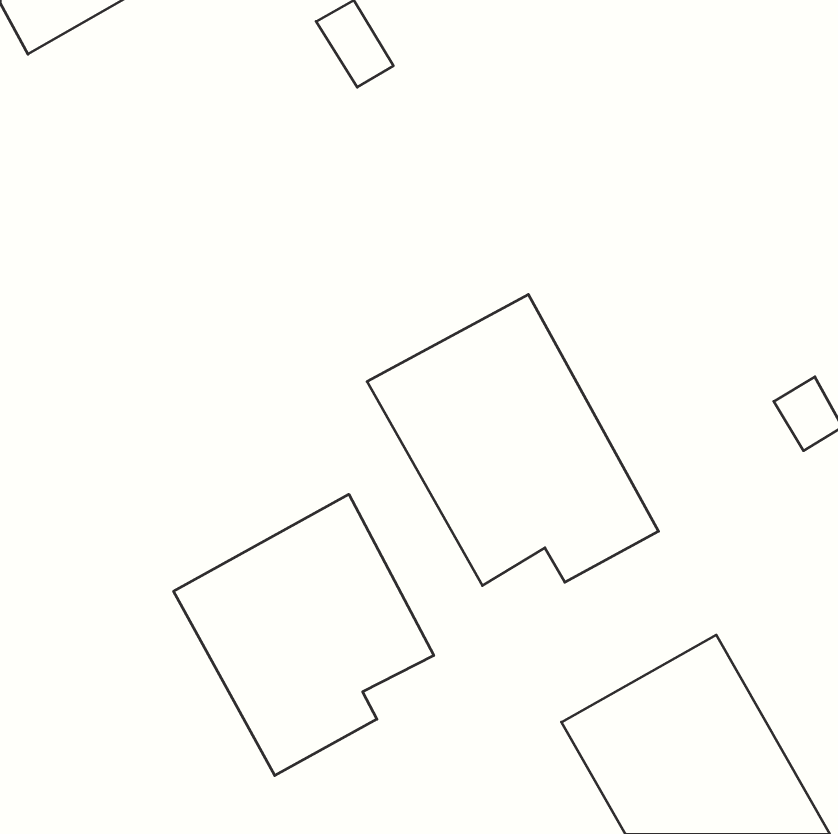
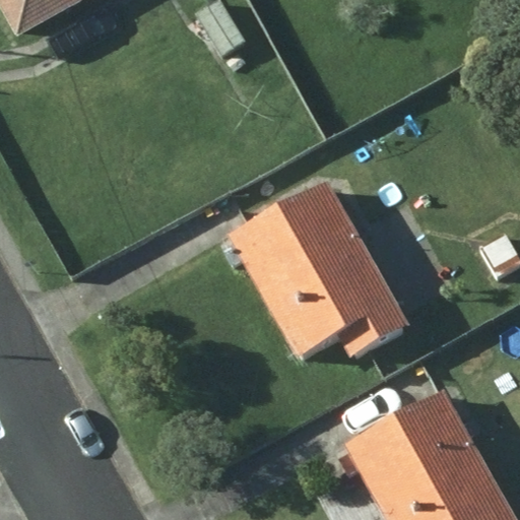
building: [174,494,434,776] -> none

